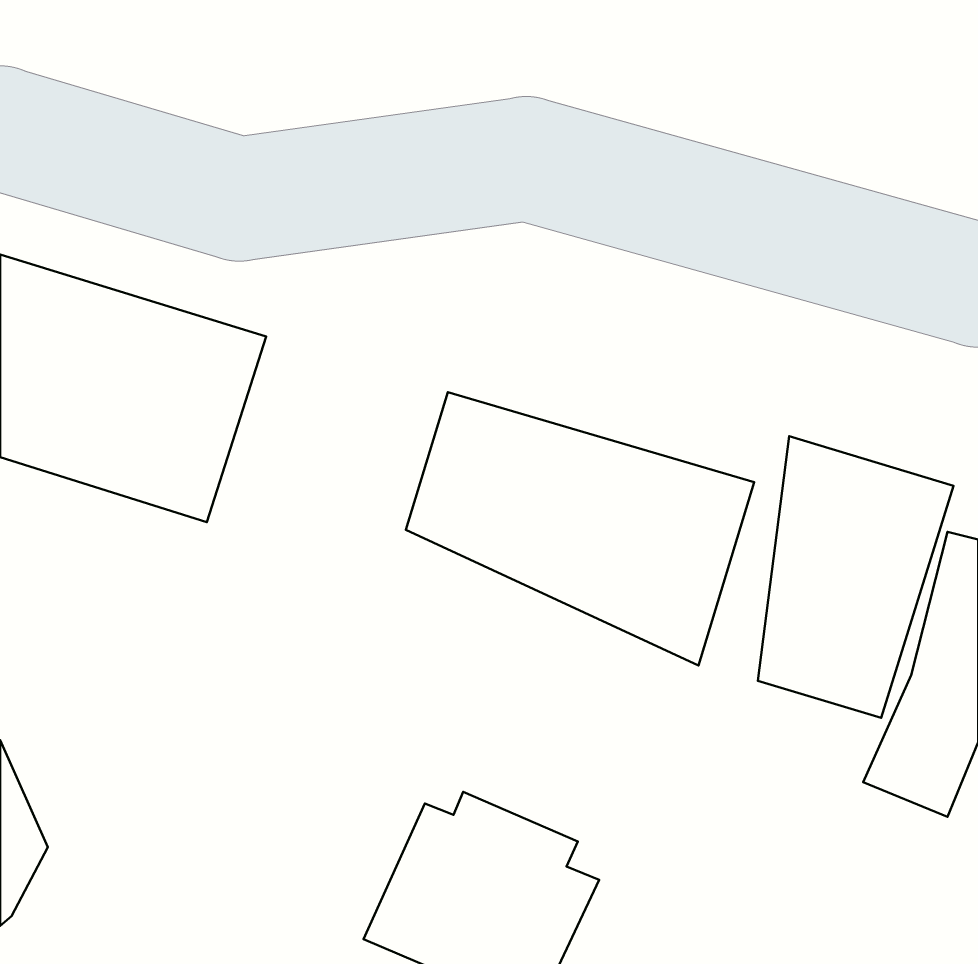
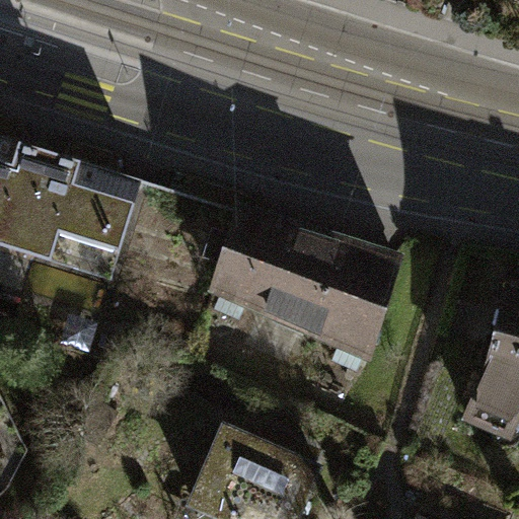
building: [758,436,954,718] -> none

